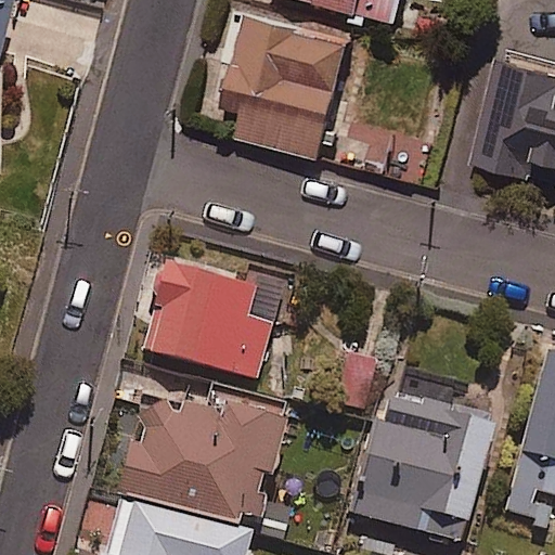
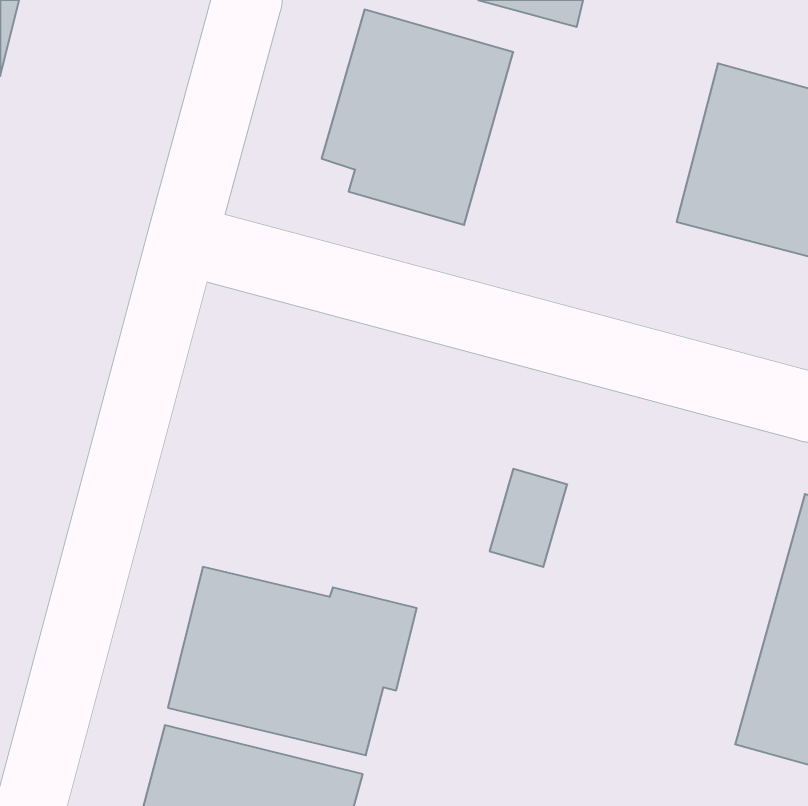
building: [141,259,281,379] -> none
building: [357,390,495,543] -> none

